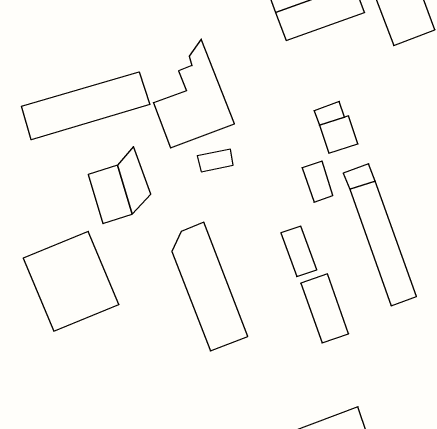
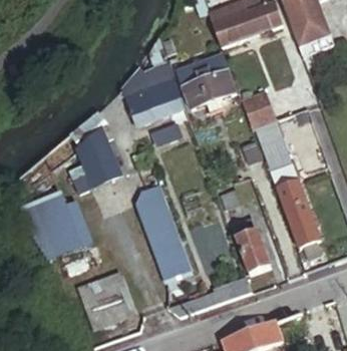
building: none -> [172,53,232,115]
building: [22,72,150,140] -> none
building: none -> [80,277,126,326]

